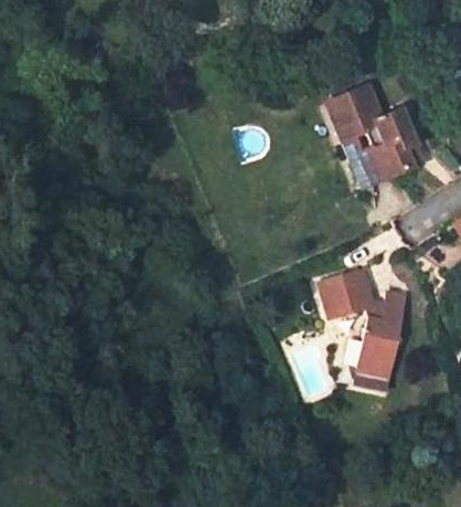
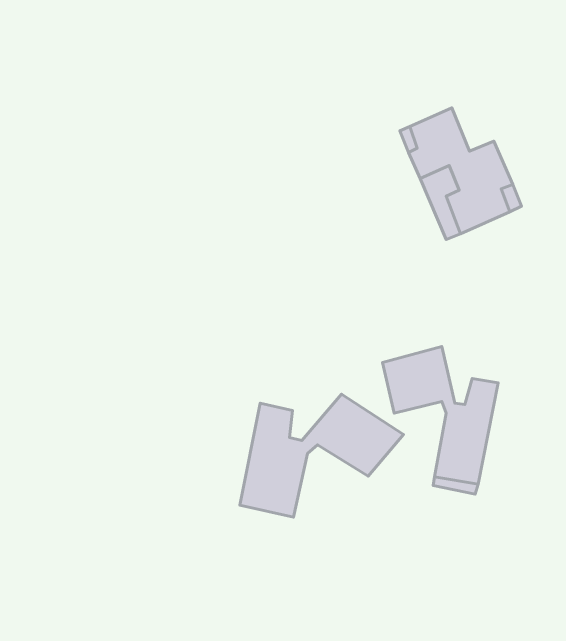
building: none -> [240,394,403,517]

